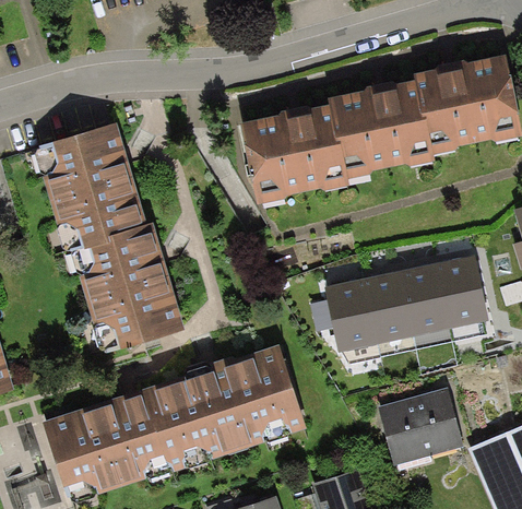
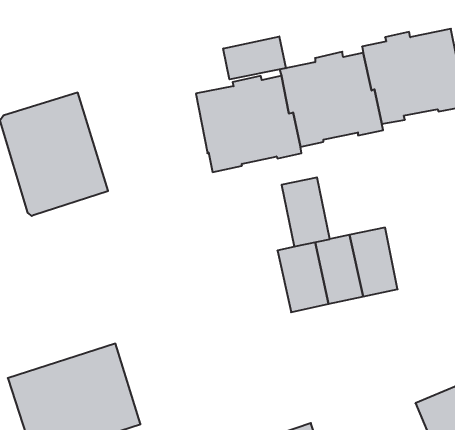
building: none -> [223,36,286,79]
building: [70,223,186,351] -> none
building: [437,256,487,328] -> [282,177,330,246]
building: [155,345,305,469] -> none
building: [378,387,462,464] -> none

